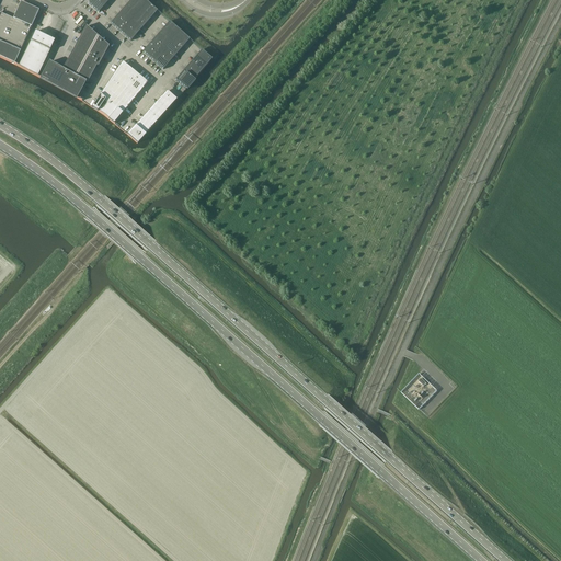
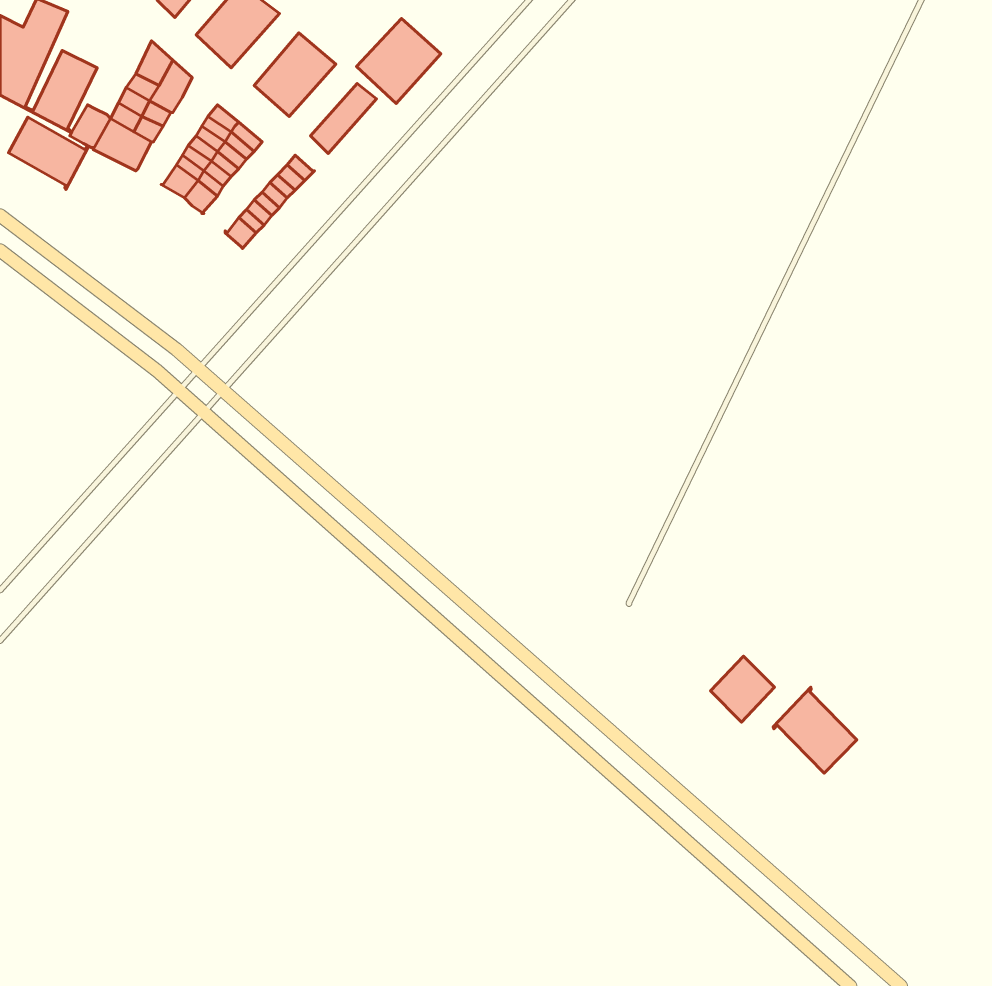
building: none -> [357,19,441,104]
building: none -> [8,117,88,190]
building: none -> [773,687,857,773]

